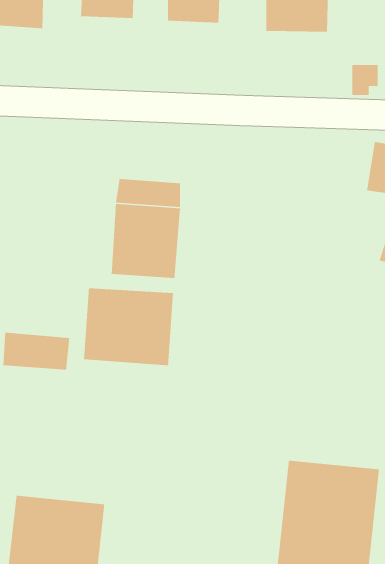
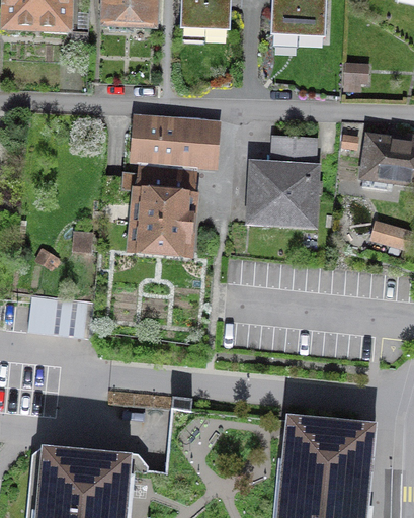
building: none -> [130,119,218,167]
building: none -> [244,137,321,227]
building: [83,287,174,366] -> none

